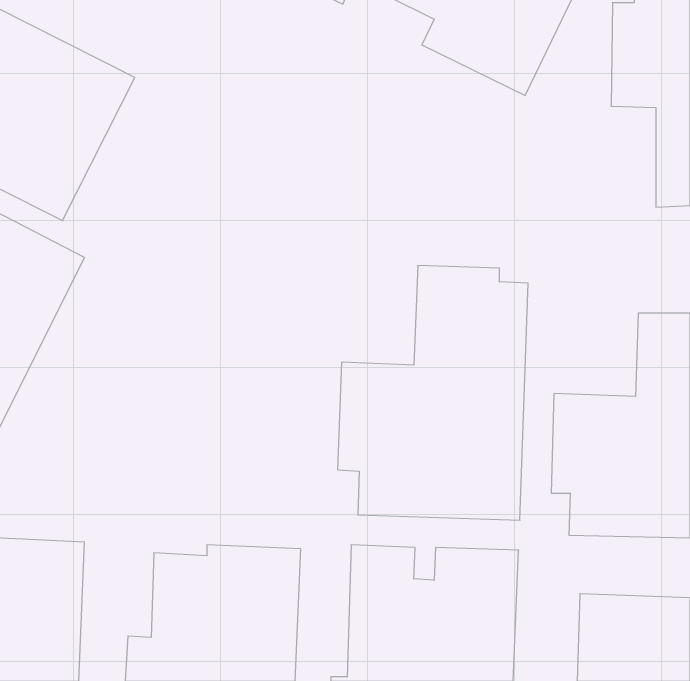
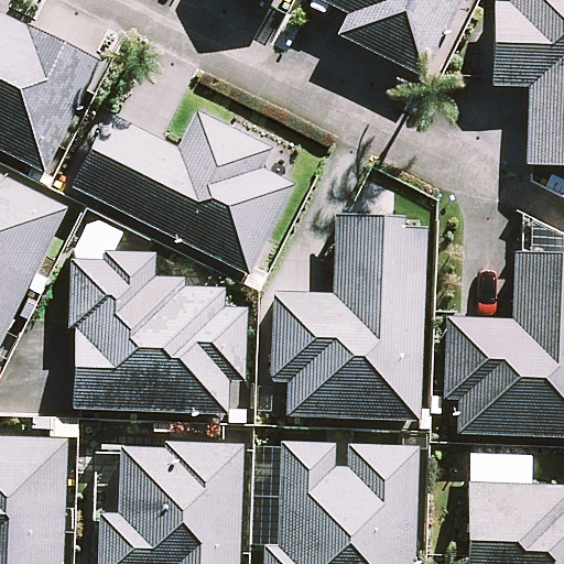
building: none -> [74,110,296,275]
building: none -> [72,251,250,414]

